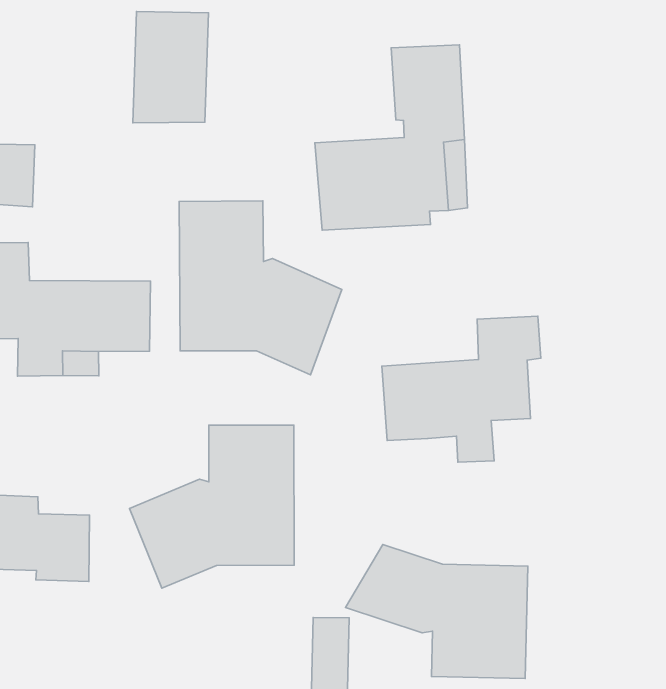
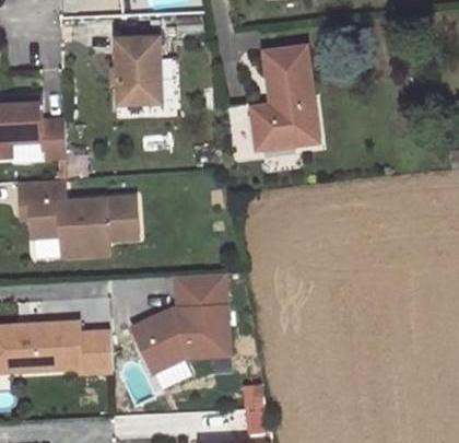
building: [179,201,342,375] -> none
building: [382,316,541,462] -> none
building: [346,544,528,679] -> none

